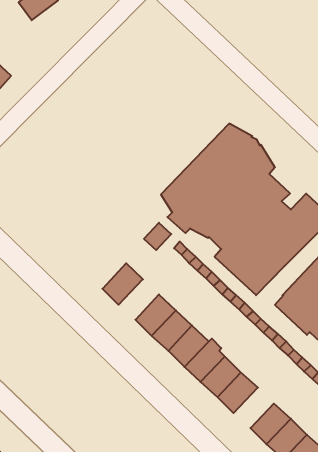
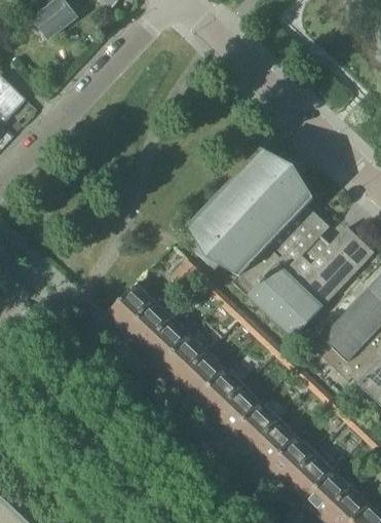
building: none -> [106,285,150,329]
building: none -> [142,319,186,363]
building: none -> [267,437,311,481]

